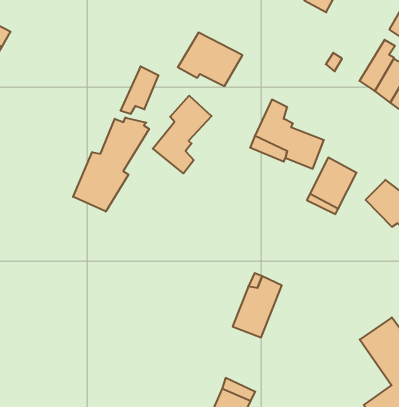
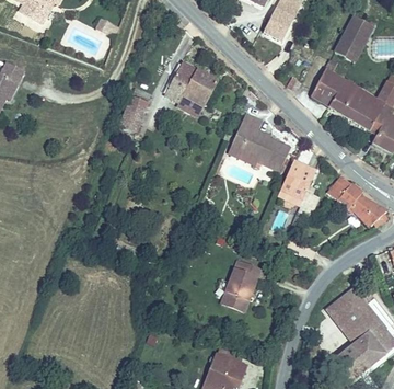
building: [153,96,212,173] -> none
building: [73,117,149,212] -> none

